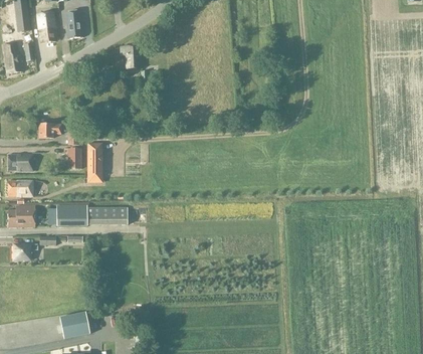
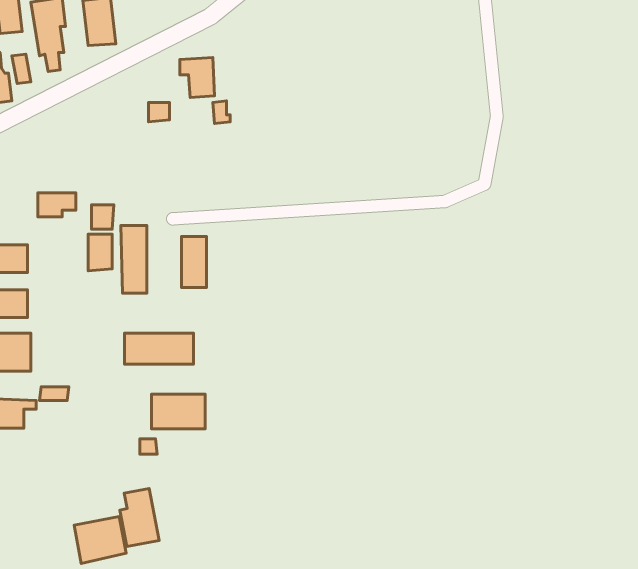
building: none -> [182,237,207,287]
building: [57,205,88,225] -> [151,394,205,429]
building: none -> [120,488,159,547]

